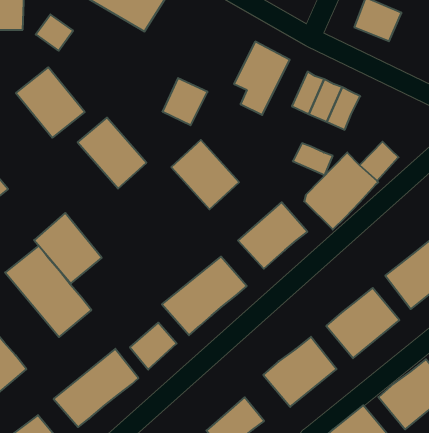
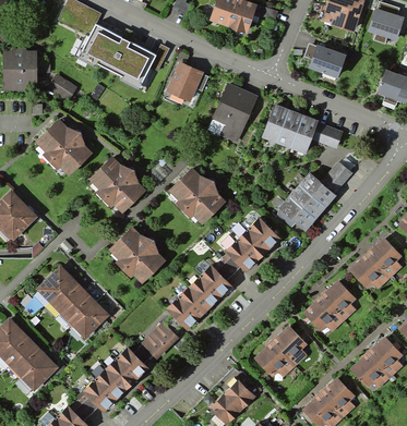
building: [162,78,208,125] -> [167,62,203,100]
building: [293,143,333,175] -> [311,123,344,148]
building: [34,213,102,284] -> [108,224,165,282]

